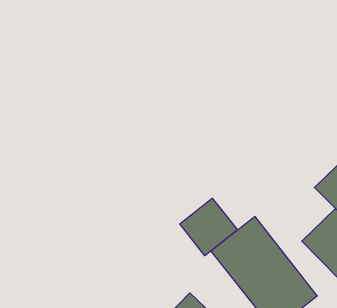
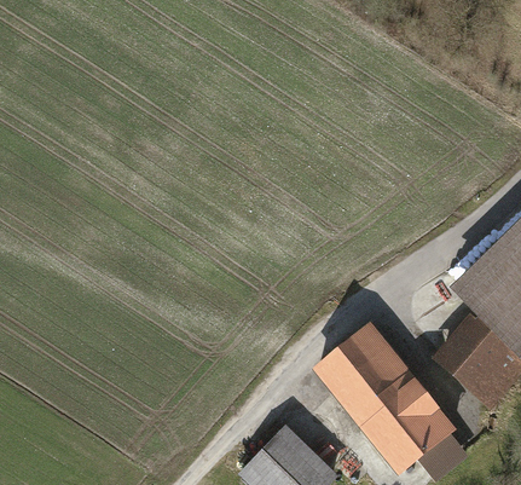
building: [180,198,237,256] -> none

